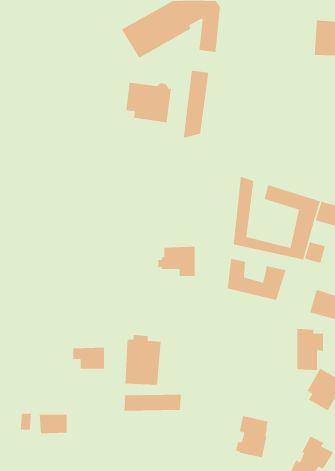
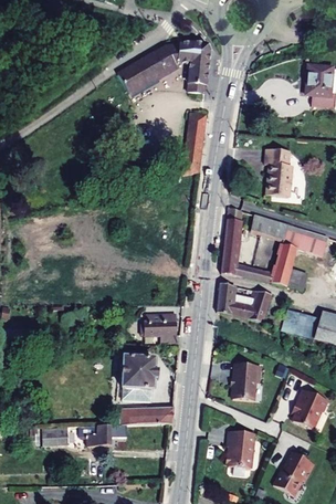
building: [125,82,172,123] -> none
building: none -> [258,149,288,197]
building: [158,246,196,277] -> [143,314,178,343]
building: [296,328,324,371] -> [235,358,261,398]
building: [73,347,105,369] -> [83,426,113,447]

